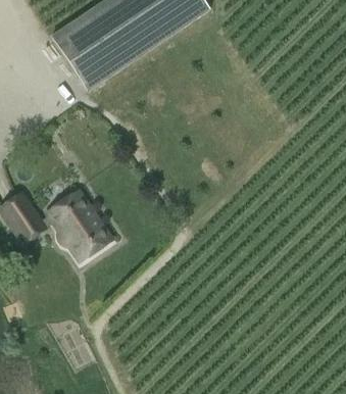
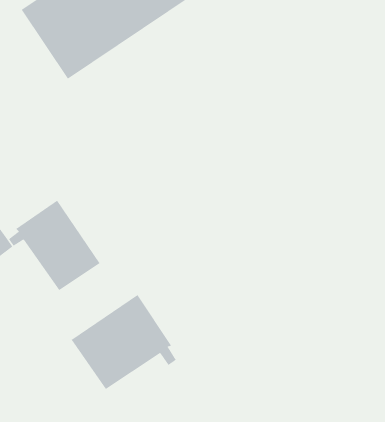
building: none -> [71,294,177,390]

